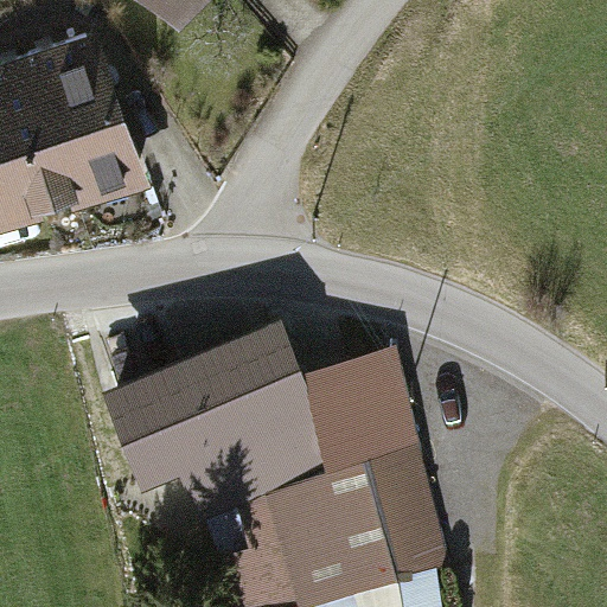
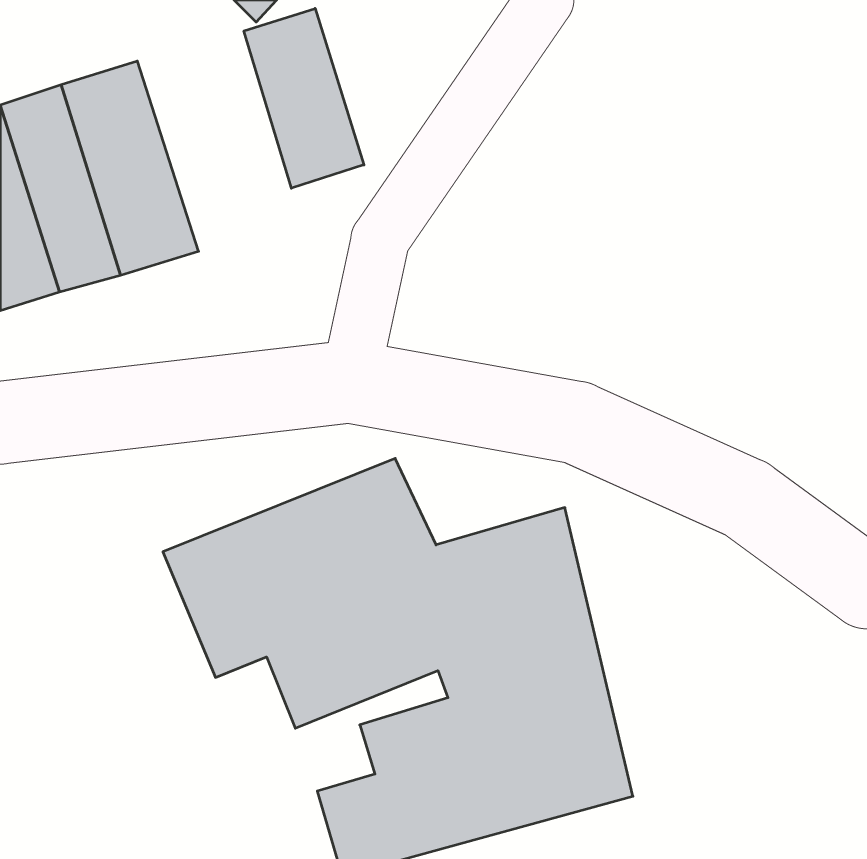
building: none -> [244,8,364,188]

